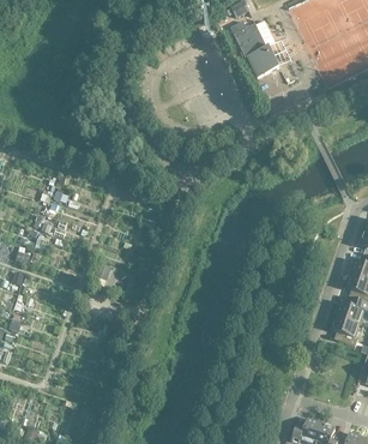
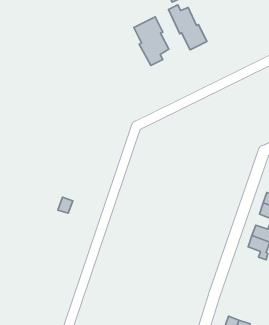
building: none -> [134,17,169,65]

